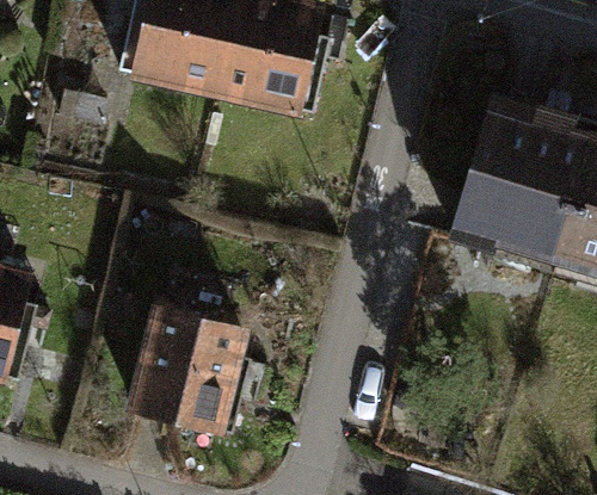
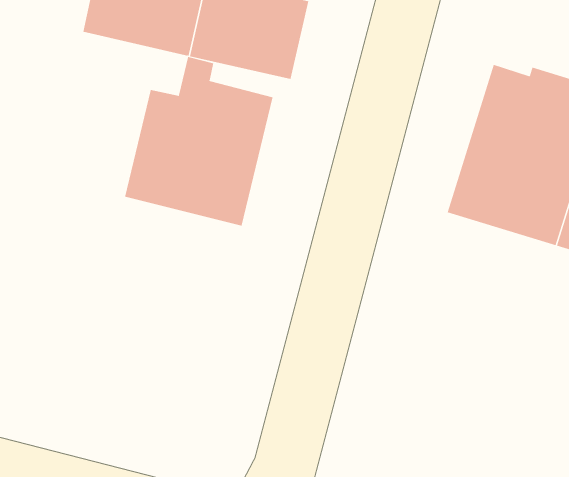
building: none -> [125,56,273,226]
building: [133,308,248,434] -> none

